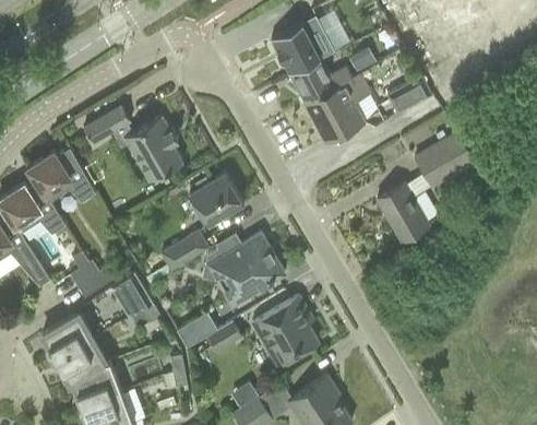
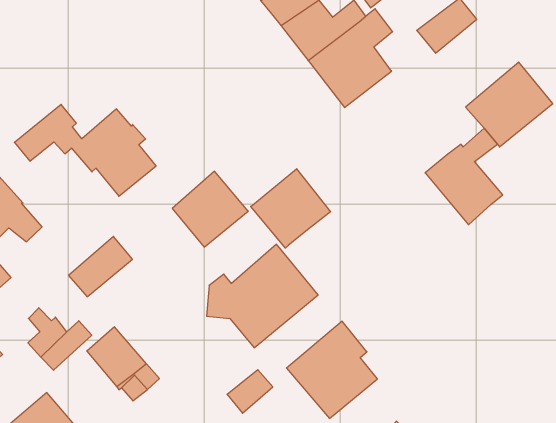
building: none -> [251,169,331,248]
building: [162,231,210,271] -> [69,236,132,297]
building: [177,312,217,347] -> none

